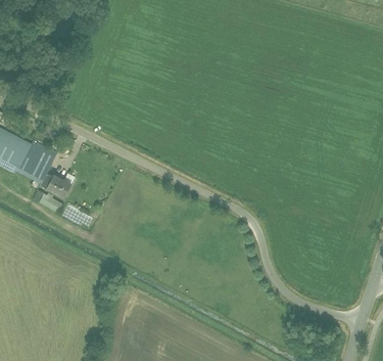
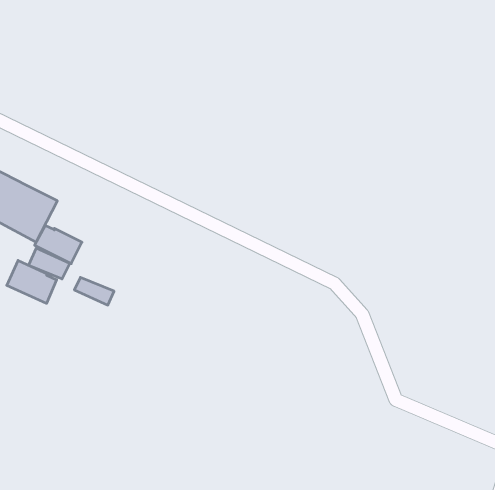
building: none -> [7,260,57,303]

